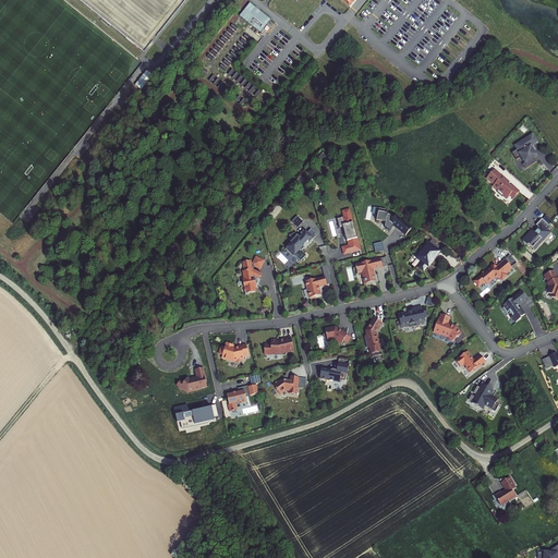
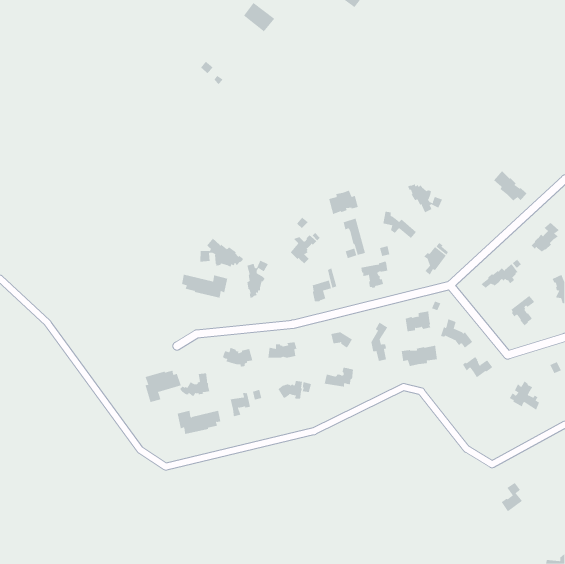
building: [511,135,536,170] -> none
building: none -> [407,183,443,213]
building: none -> [328,190,359,215]
building: none -> [200,238,244,268]
building: none -> [181,274,228,298]
building: none -> [401,345,438,367]
building: none -> [145,370,181,403]
building: [469,383,499,412] -> [509,380,540,410]

